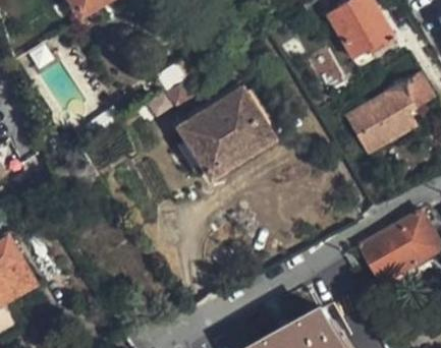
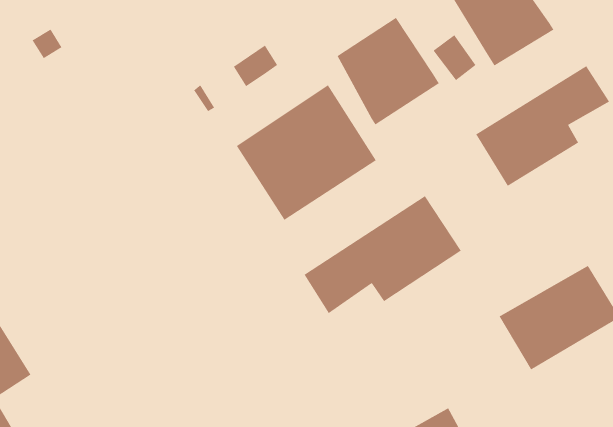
building: none -> [337,17,440,125]
building: none -> [304,195,462,314]

